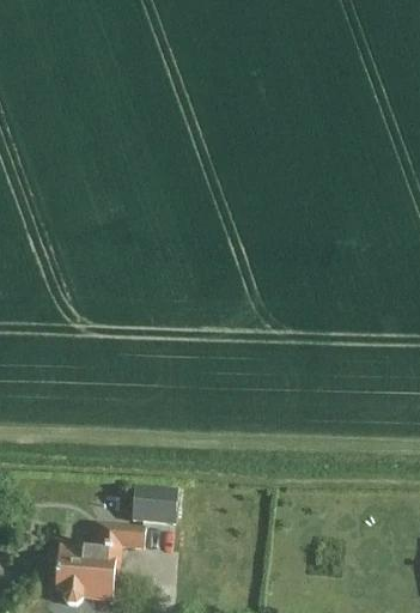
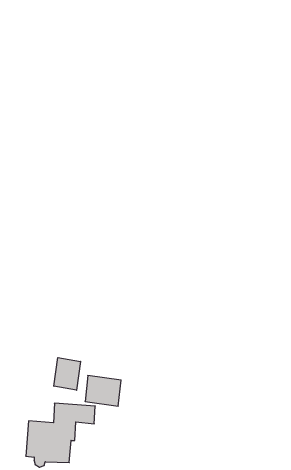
building: none -> [54,358,81,390]

